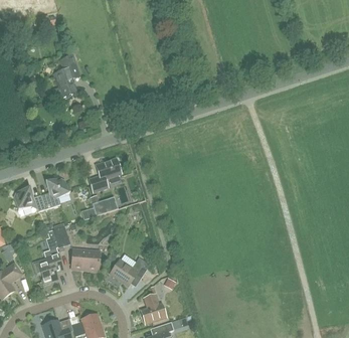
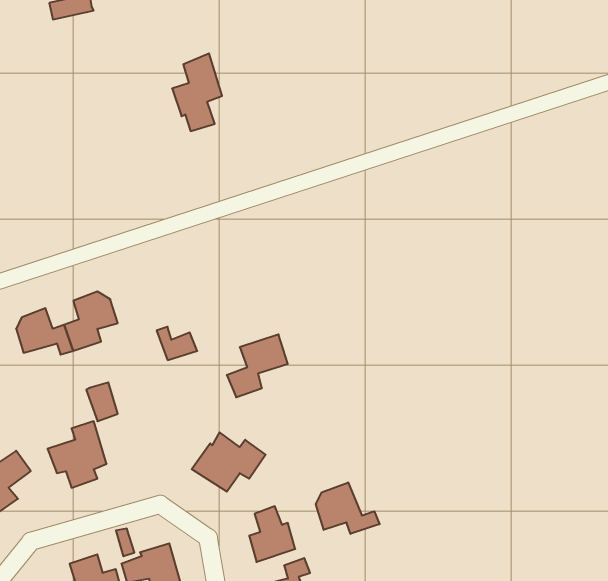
building: [53,53,80,96] -> [172,53,222,131]
building: [89,157,122,191] -> [227,334,288,397]
building: [71,248,100,270] -> none
building: none -> [316,482,380,534]

